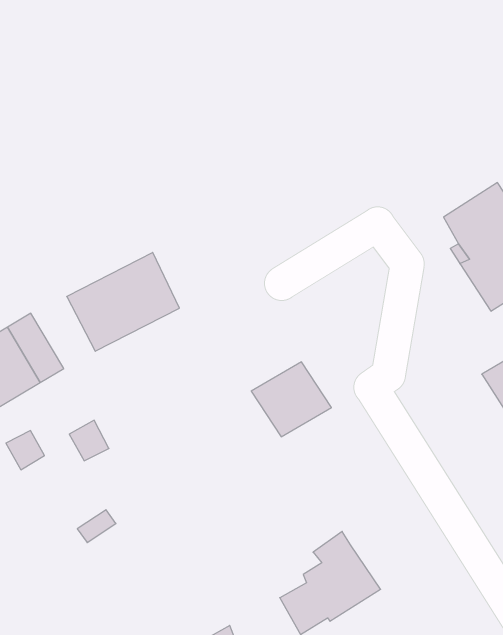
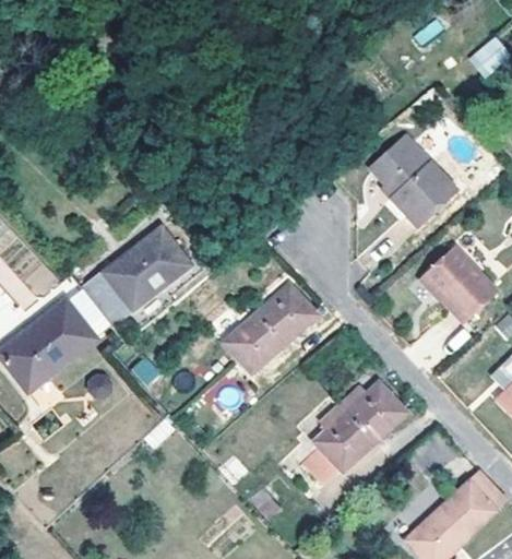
building: none -> [91,269,136,320]
building: none -> [224,314,282,371]
building: none -> [337,385,403,442]

